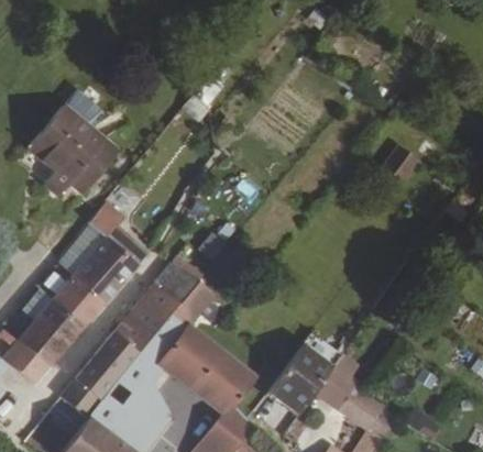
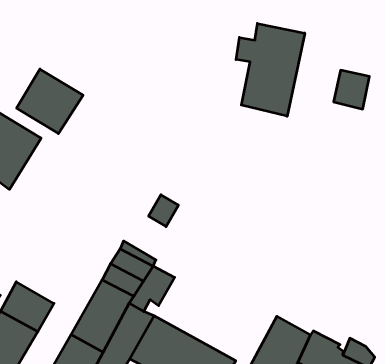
building: none -> [236,23,305,116]
building: none -> [17,69,83,134]
building: [72,211,143,304] -> none

